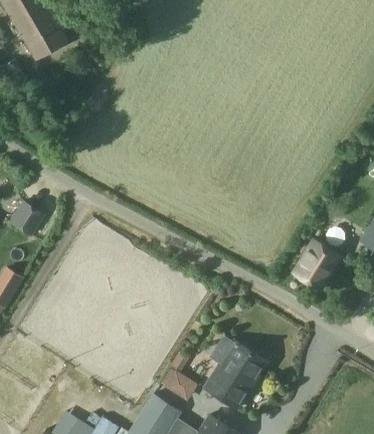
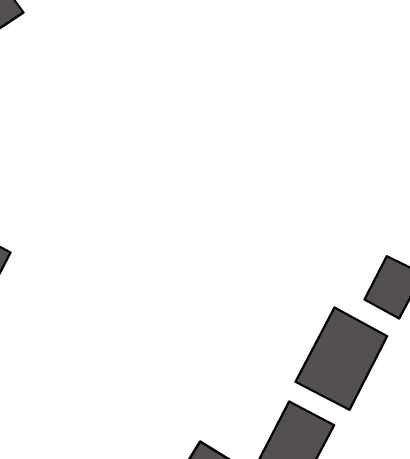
building: none -> [295,307,387,410]

